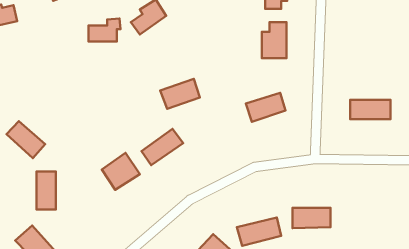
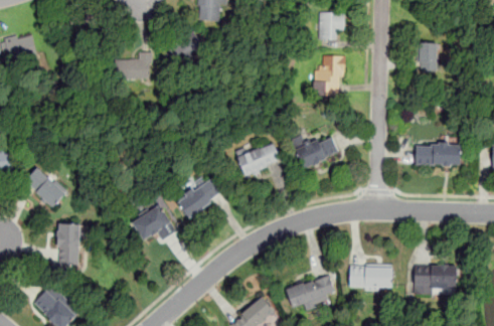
building: none -> [418,42,437,71]
building: [160,79,200,109] -> [235,142,281,176]
building: none -> [414,265,458,290]

